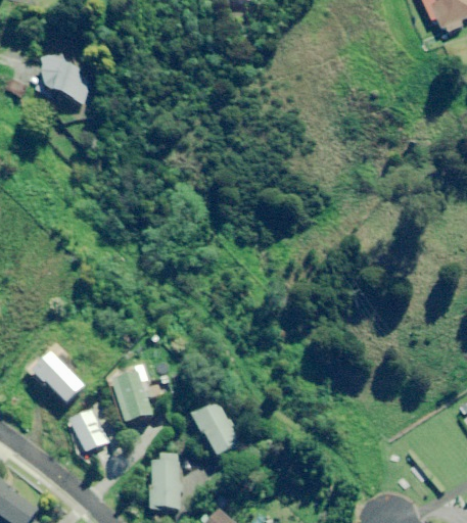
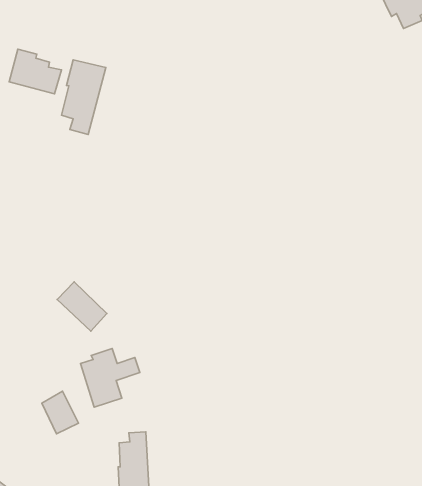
building: none -> [61,60,106,134]
building: [33,352,84,403] -> [57,282,107,331]
building: [192,398,241,456] -> none

